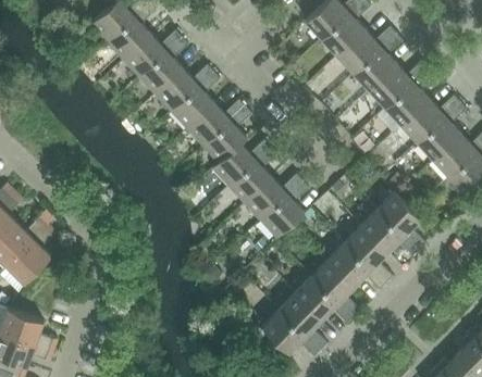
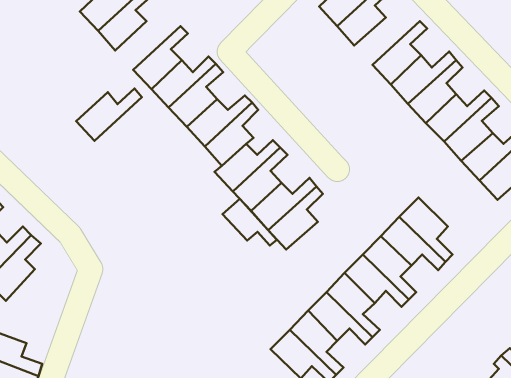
building: [336,27,395,73] -> none
building: [122,30,181,77] -> [76,89,142,141]
building: none -> [223,199,277,246]

